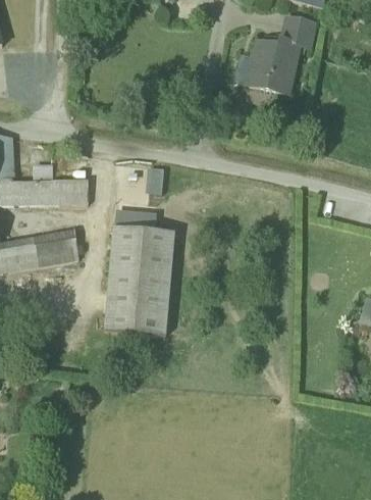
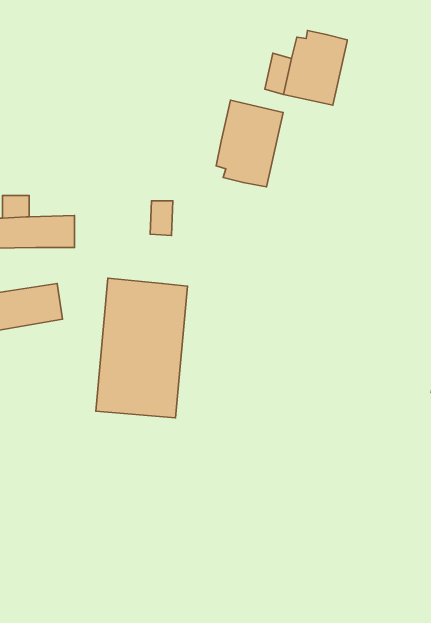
building: [280,18,315,49] -> none
building: none -> [216,100,283,187]
building: [113,209,157,232] -> none

